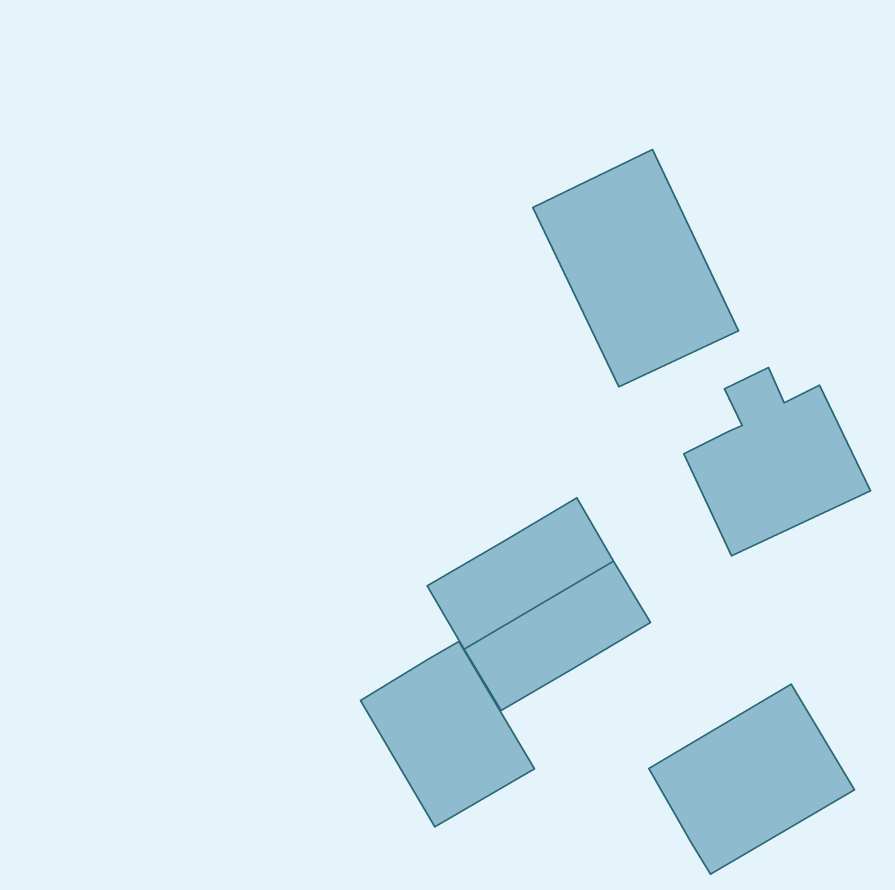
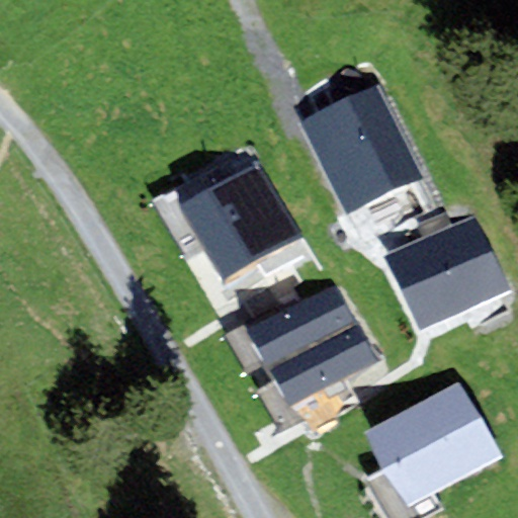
building: none -> [179,164,300,283]
building: [361,642,535,827] -> none

